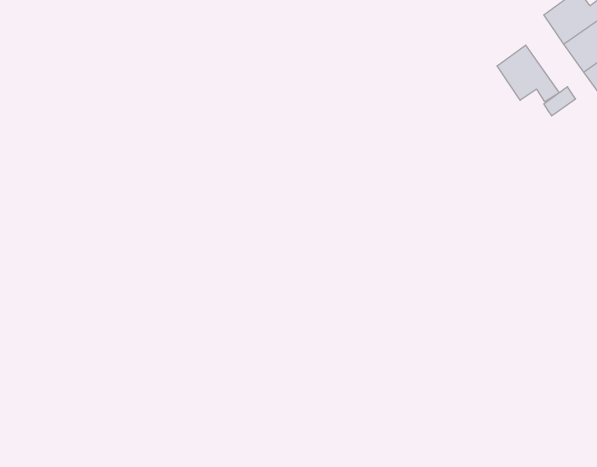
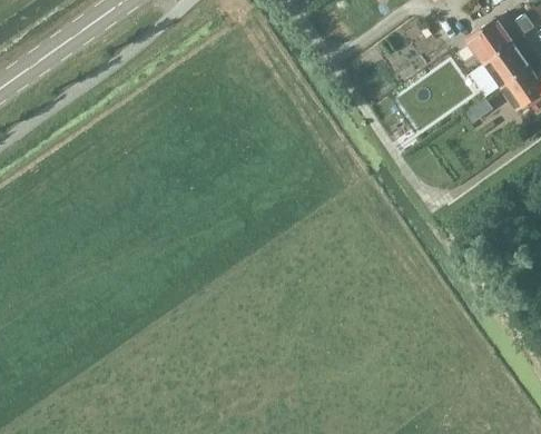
building: [497,45,559,102] -> none

